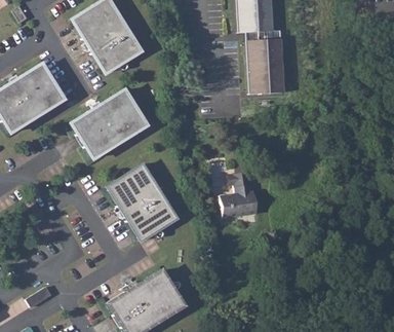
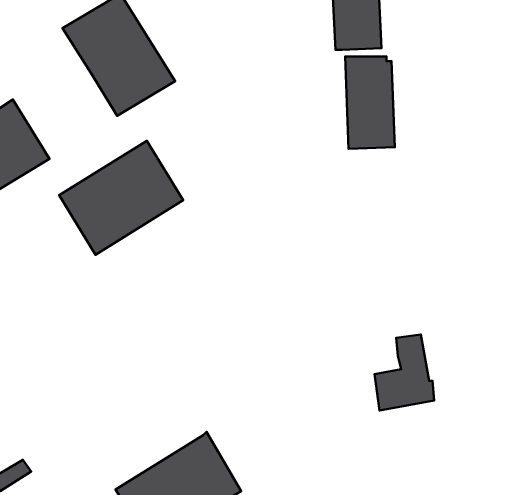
building: [246,31,281,95] -> none
building: [108,164,176,241] -> none
building: [222,172,259,219] -> [375,334,434,410]

